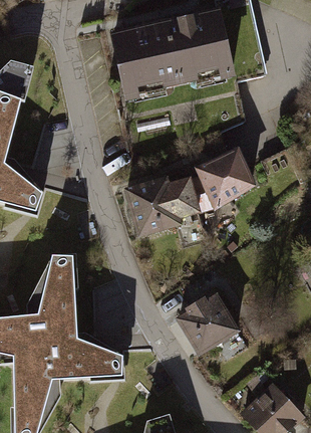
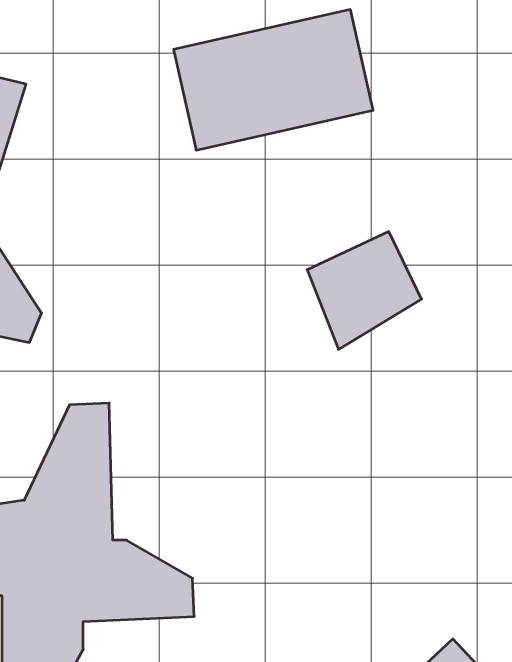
building: [127,170,210,228] -> none
building: [179,292,235,351] -> none

